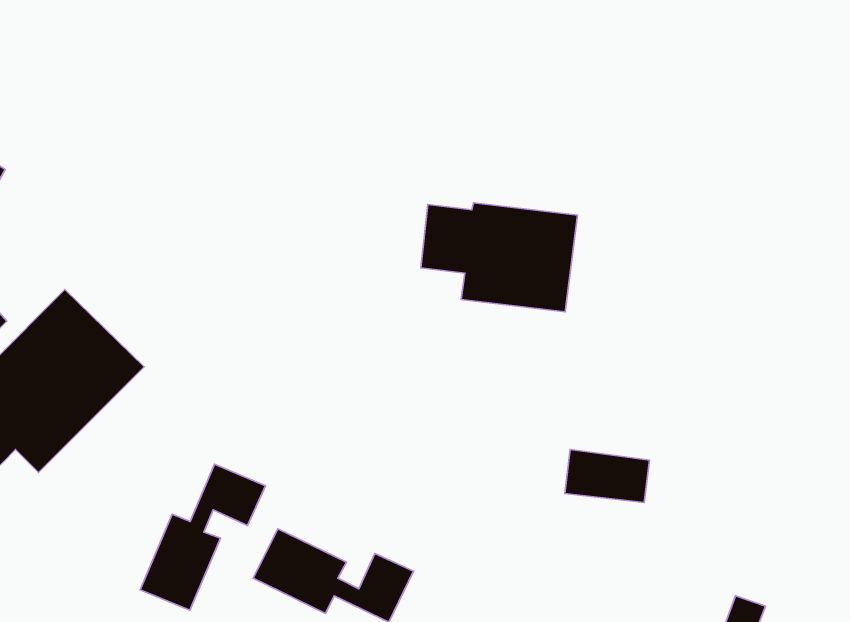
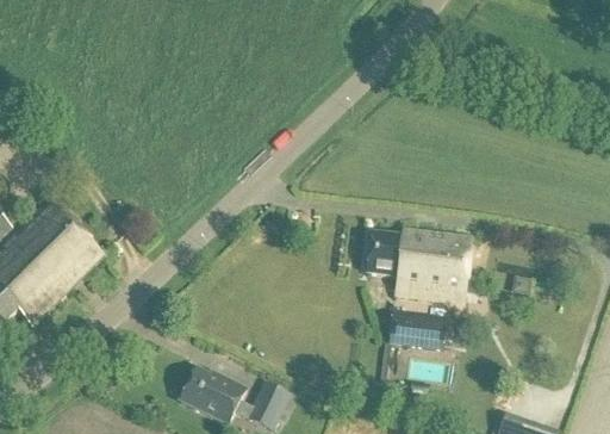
building: [421,203,577,312] -> [367,228,473,302]
building: [140,464,265,610] -> none

